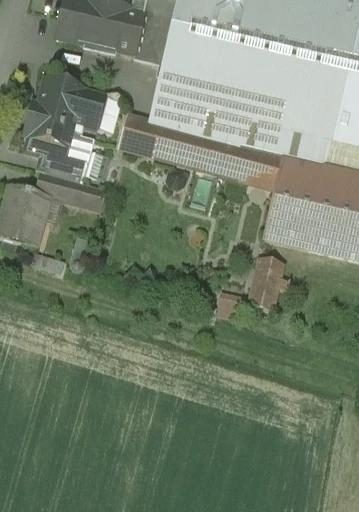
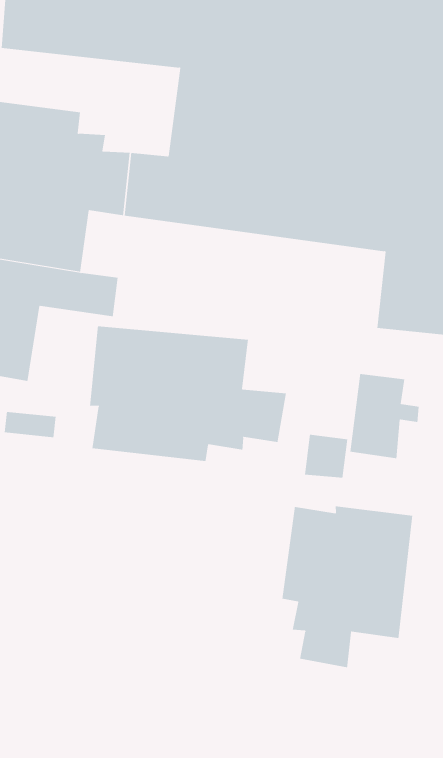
building: none -> [89,326,286,462]
building: none -> [282,505,413,668]

